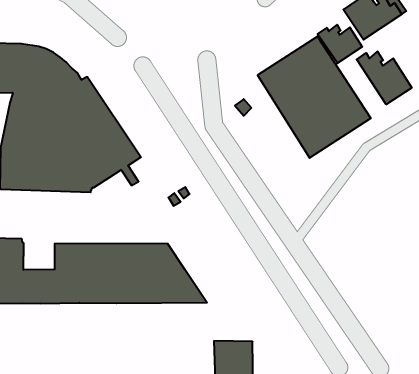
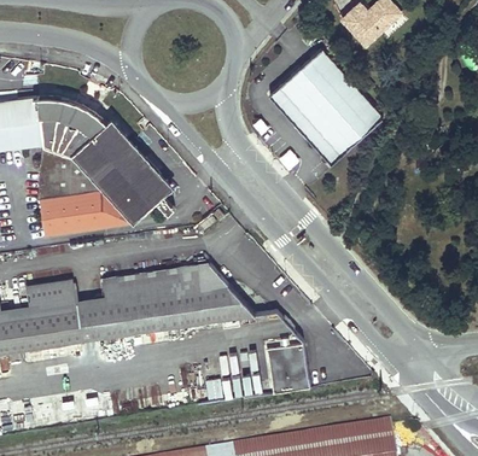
building: [318,25,362,63] -> none
building: [357,51,412,104] -> none

